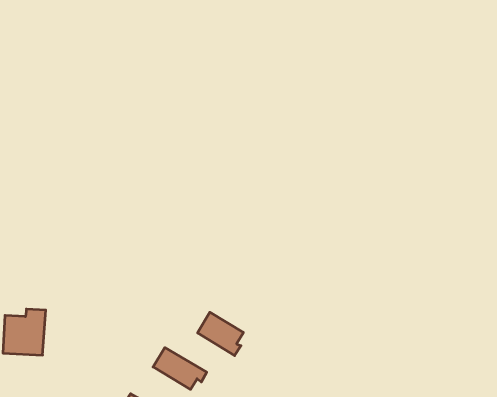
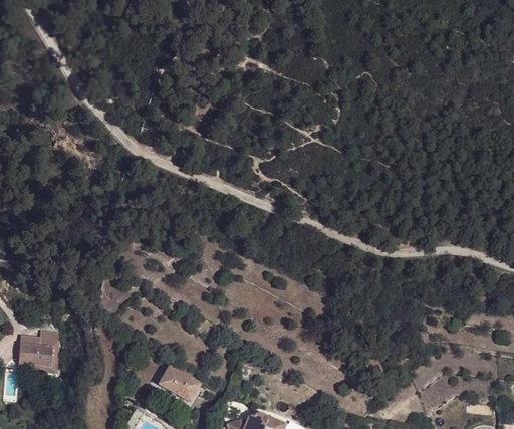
building: [198,312,243,356] -> none

